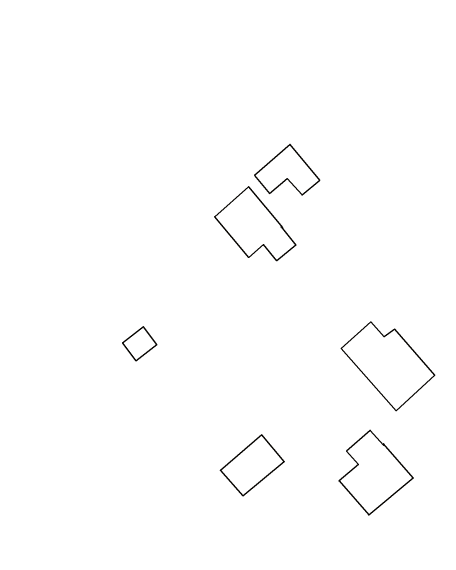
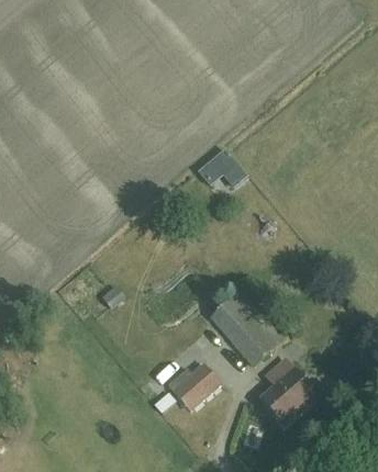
building: [215,187,296,261] -> none
building: [341,322,435,411] -> [212,299,281,364]

